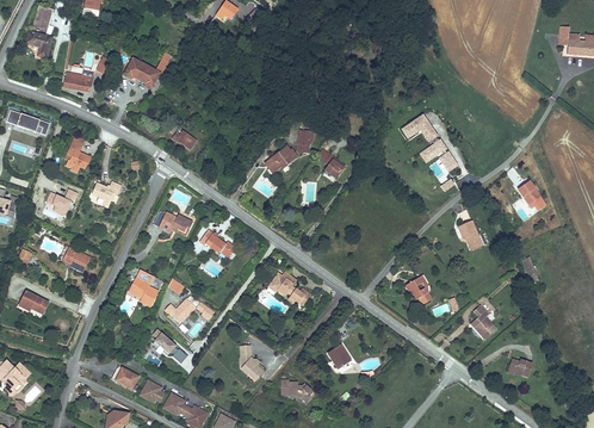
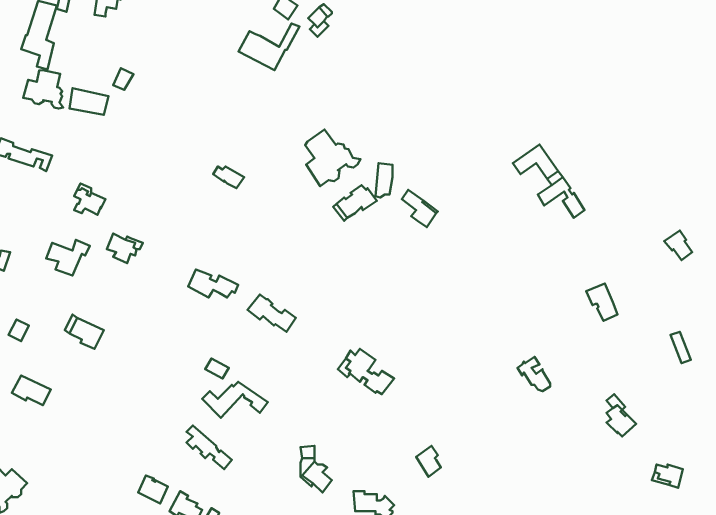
building: [124,52,171,88] -> [238,23,299,70]
building: none -> [23,70,63,108]
building: none -> [305,129,360,186]
building: [129,268,159,306] -> none

